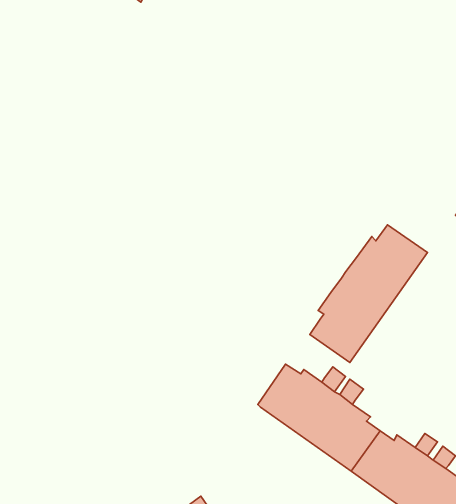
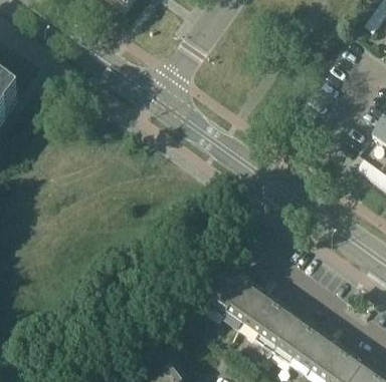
building: [310,225,427,362] -> none

